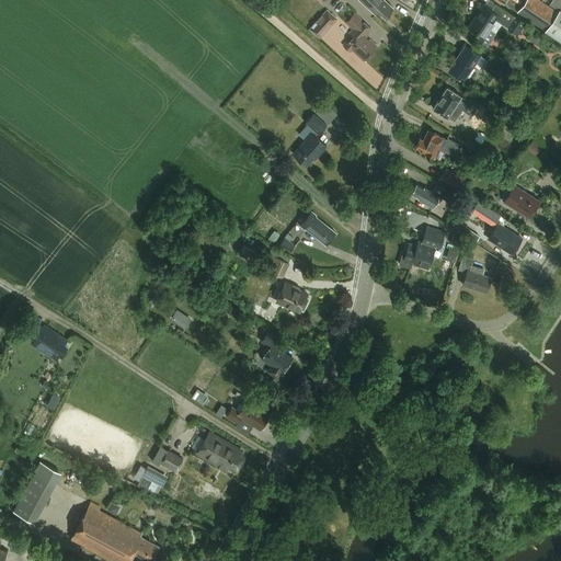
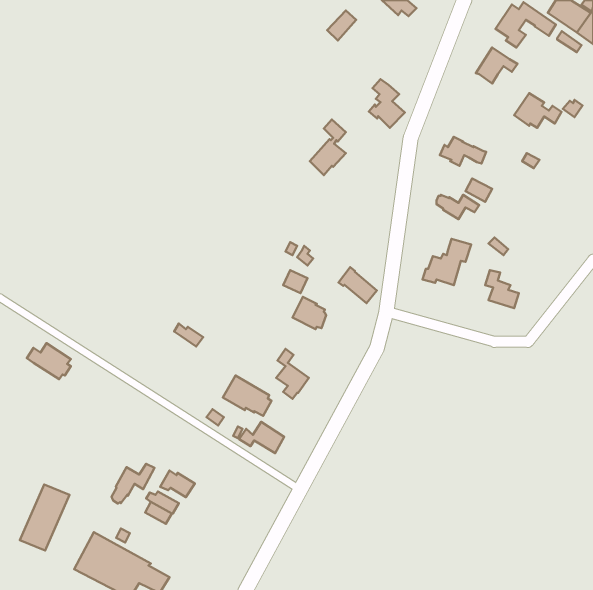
building: [343,16,377,62] -> [369,79,405,128]
building: [433,89,478,122] -> [514,93,562,128]
building: [504,186,539,219] -> none
building: [472,203,522,255] -> none
building: [300,213,336,247] -> [339,267,377,303]
building: [197,433,243,471] -> [223,375,271,416]
building: none -> [112,464,154,504]

